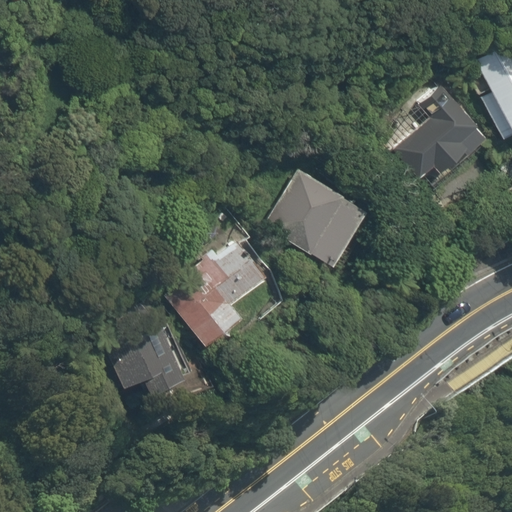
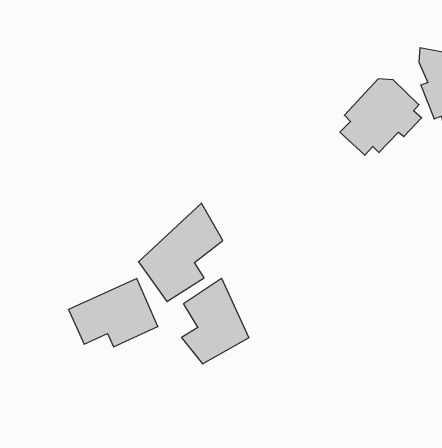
building: [267,171,362,268] -> none
building: none -> [182,278,249,364]

